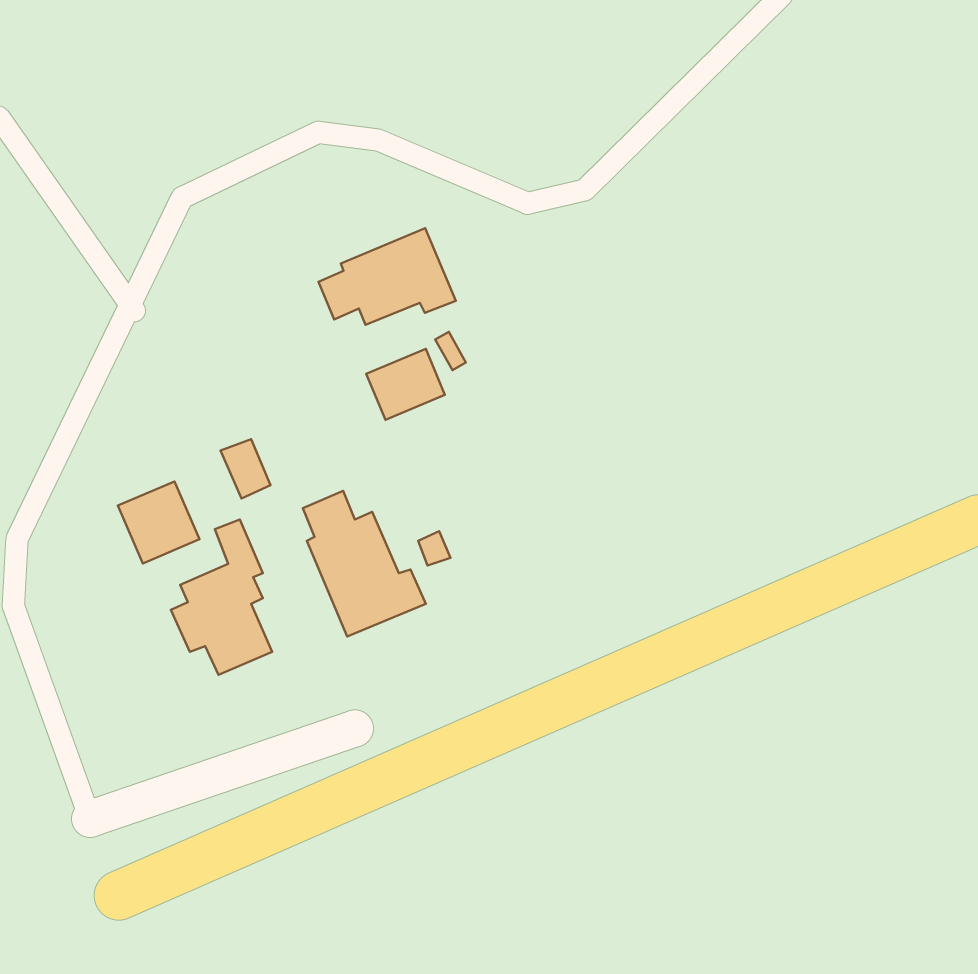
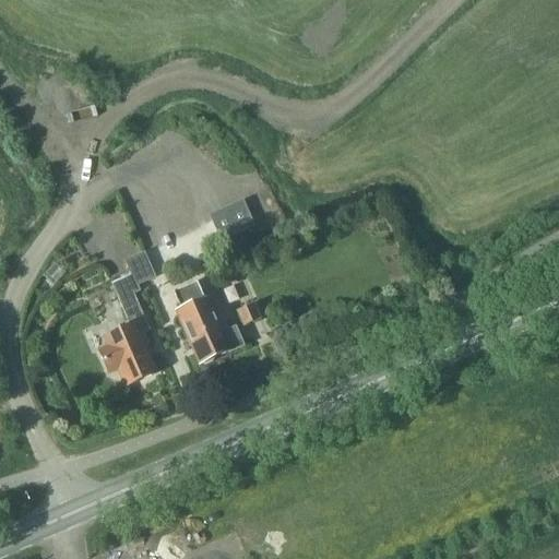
building: [319,228,456,325] -> none
building: [118,481,199,564] -> none

